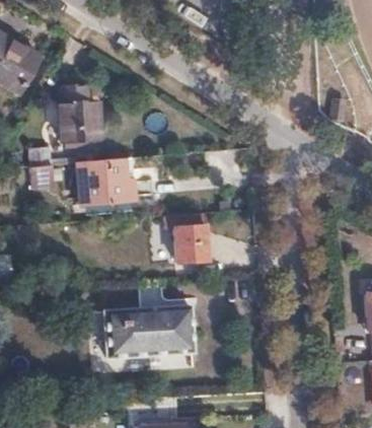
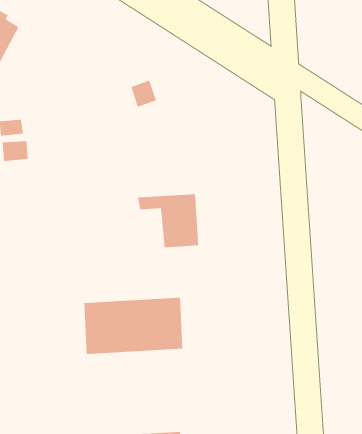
building: [57,102,99,141] -> none
building: [76,157,134,202] -> none

